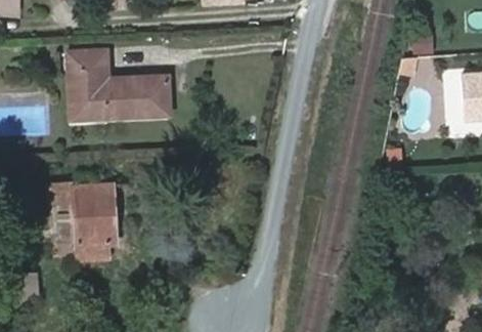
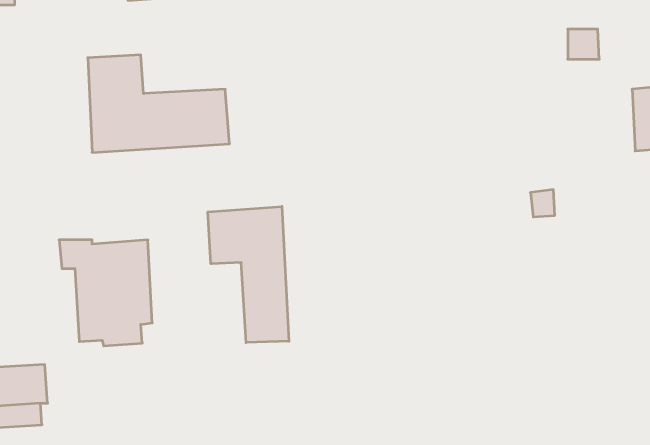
building: none -> [208,206,289,343]

